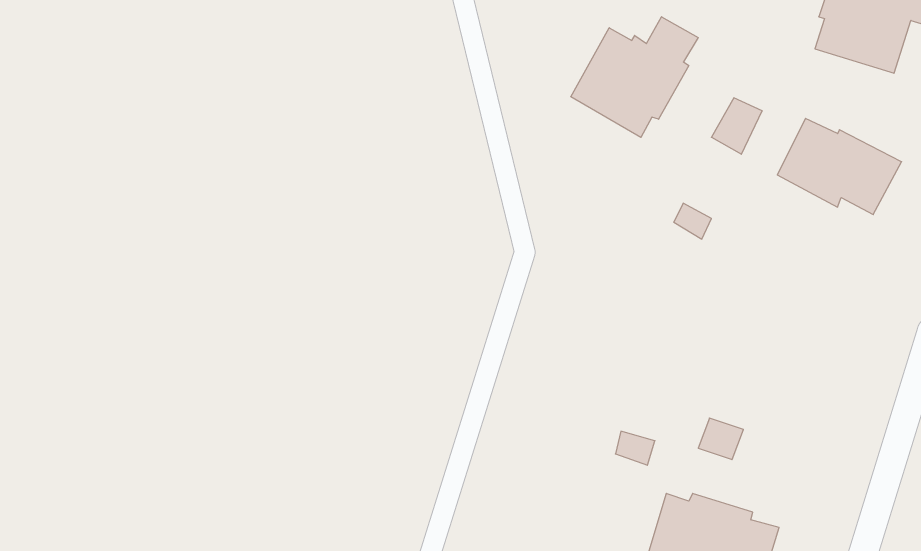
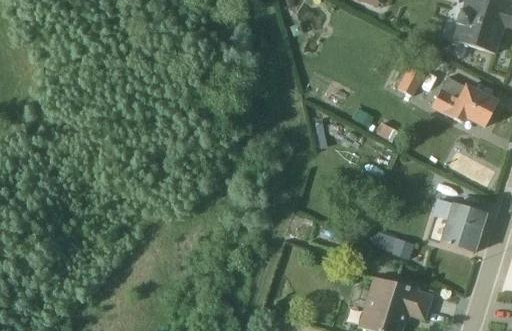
building: [571,17,698,137] -> none
building: none -> [433,198,486,252]

